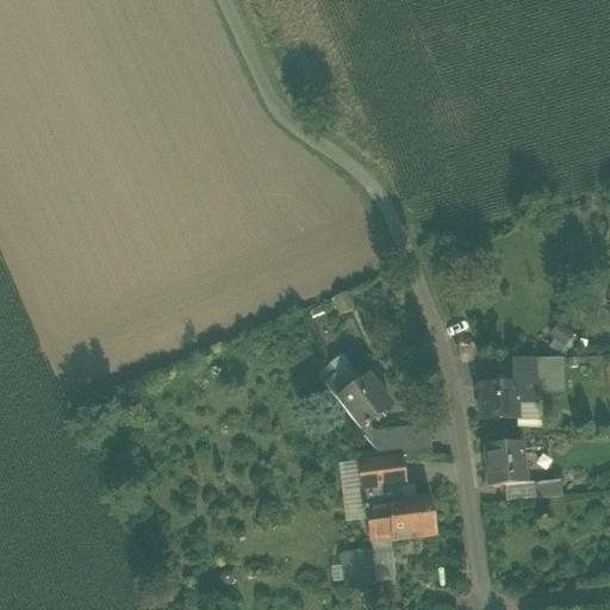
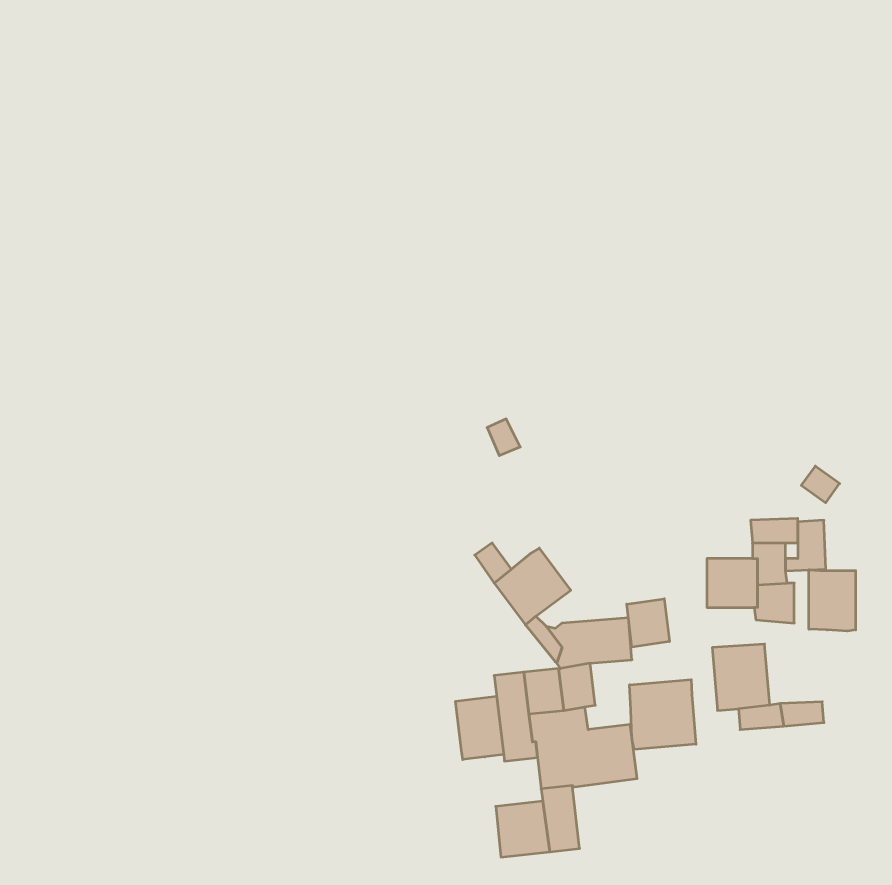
building: [317,351,362,388] -> none
building: none -> [809,570,856,631]
building: none -> [627,599,669,647]
building: none -> [630,680,696,749]
building: none -> [456,696,504,760]

